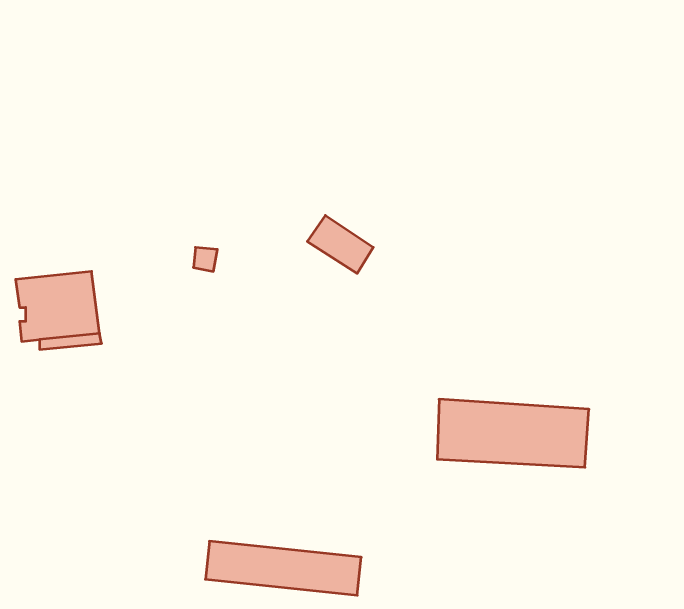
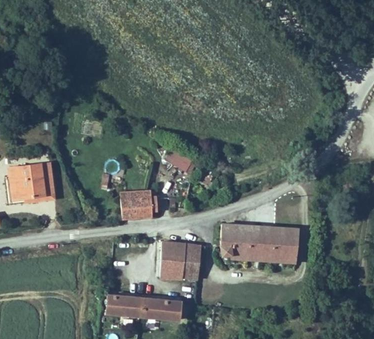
building: none -> [118,191,156,217]
building: none -> [155,247,200,286]

